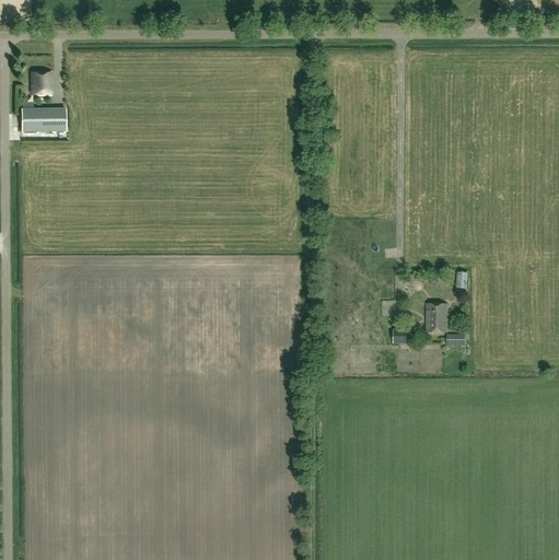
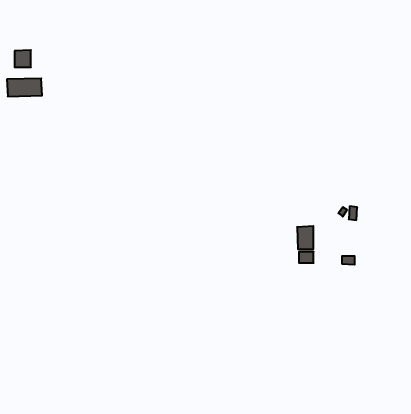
building: [426,303,446,332] -> [297,226,313,249]

